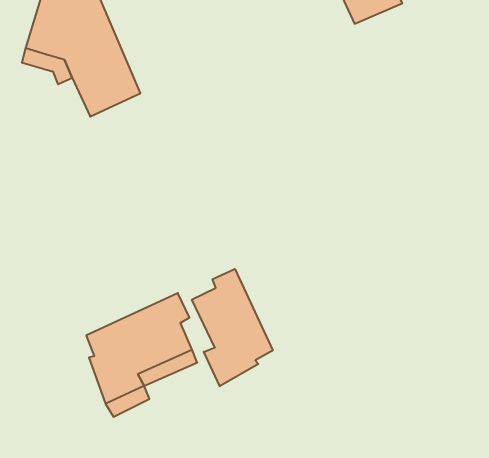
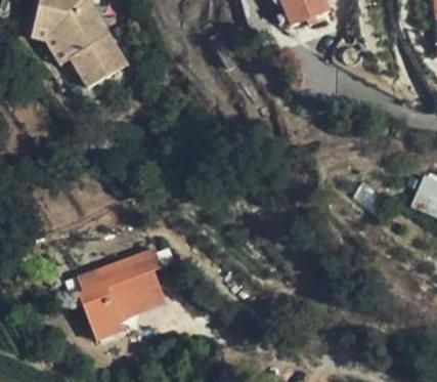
building: [192,269,273,386] -> none

